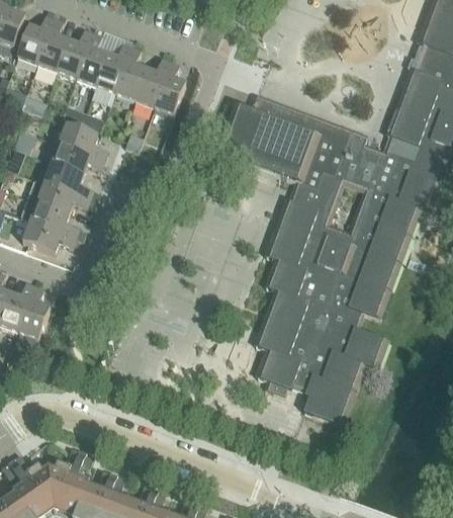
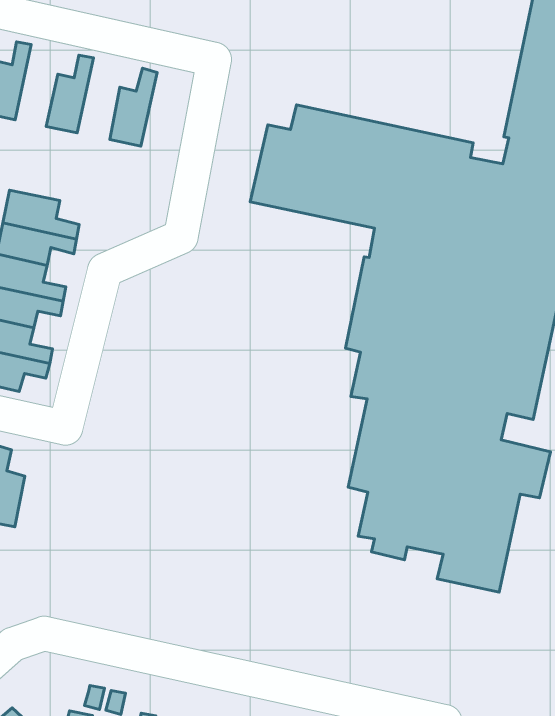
building: [77,32,108,86] -> none
building: [115,47,147,100] -> none
building: [155,62,186,114] -> none

